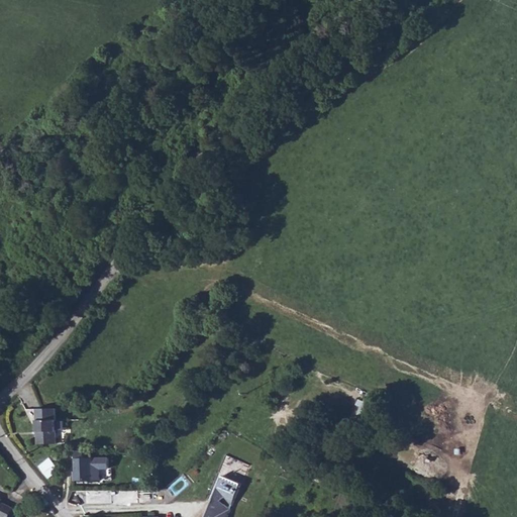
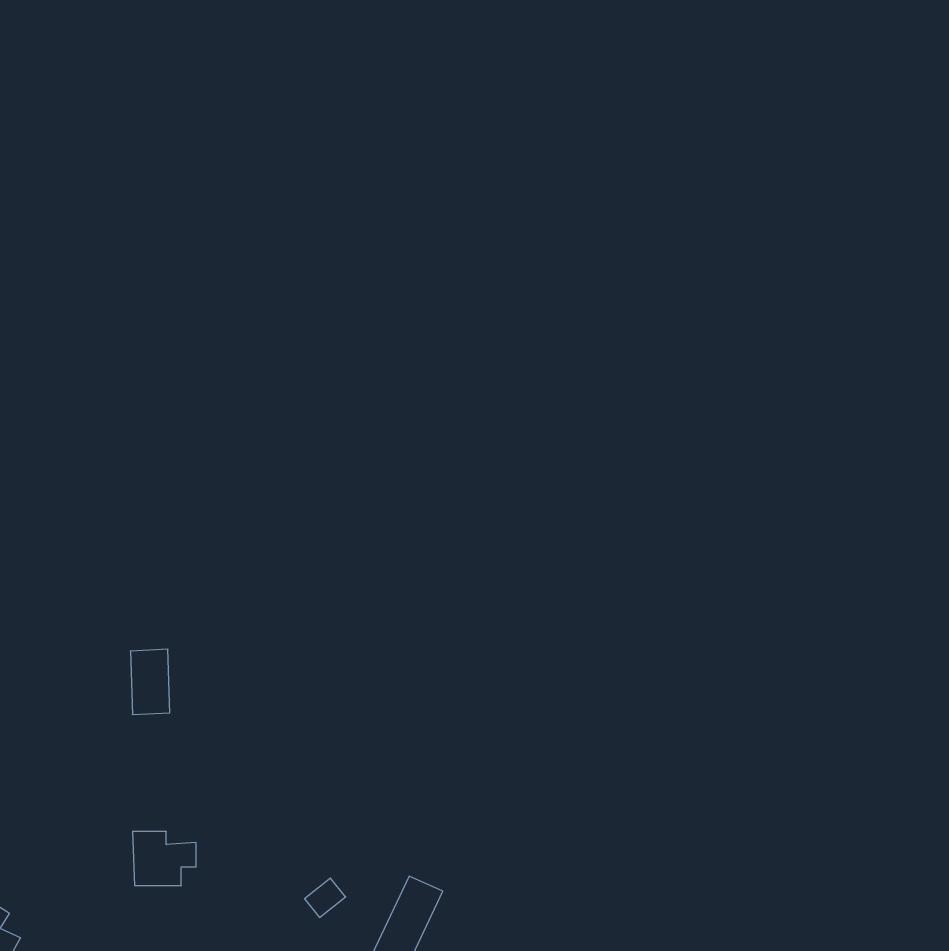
building: [33,408,55,443] -> [130,649,170,715]

